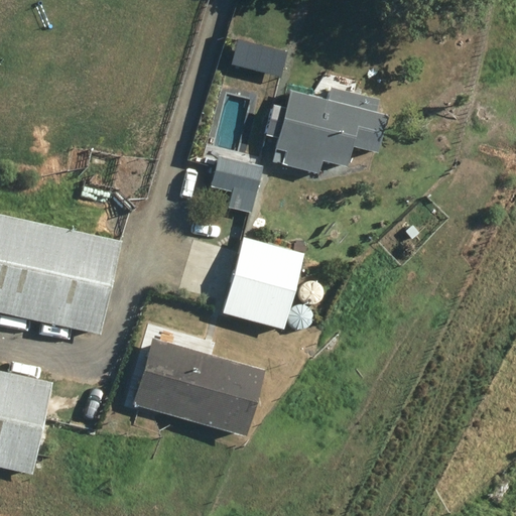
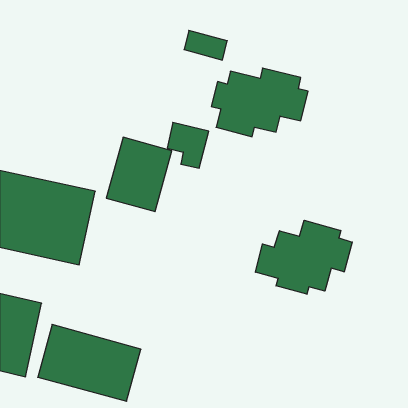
building: [222,236,304,330] -> [106,137,172,212]
building: none -> [255,220,352,294]
building: [134,338,264,434] -> [38,324,141,401]

